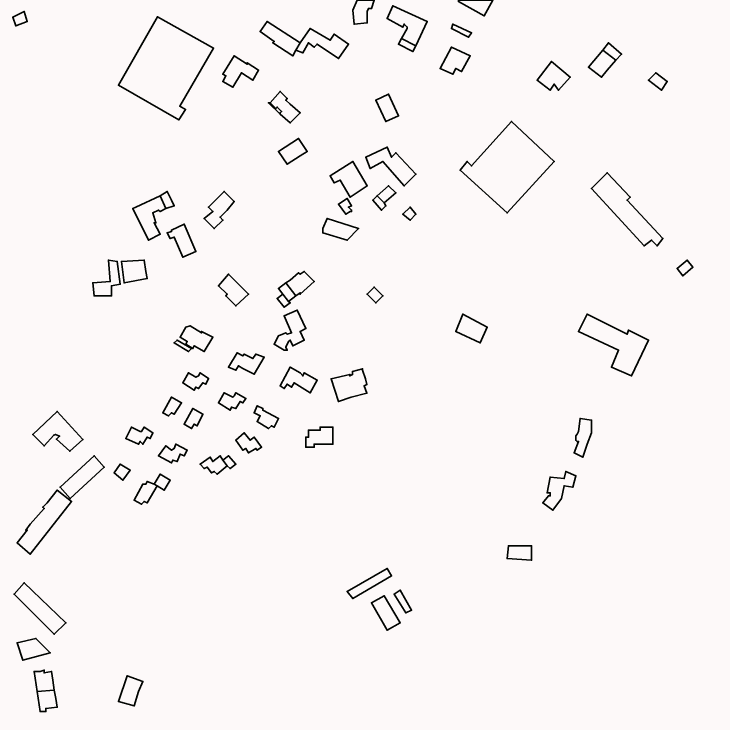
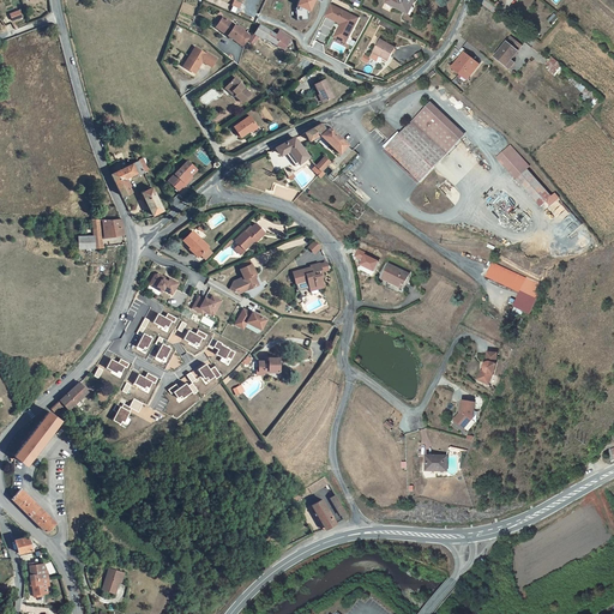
building: [118,17,214,120] -> none
building: [331,369,367,402] -> [294,264,324,291]
building: [33,411,83,451] -> none

